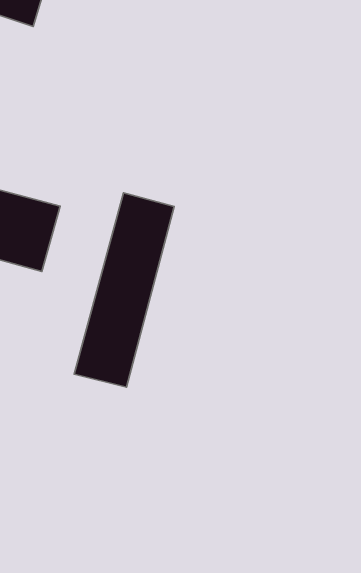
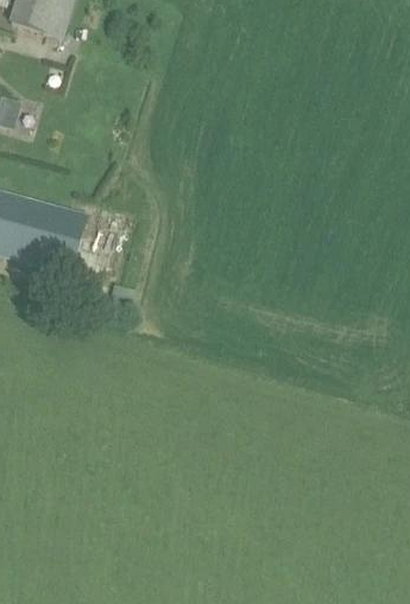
building: [74,193,174,387] -> none

